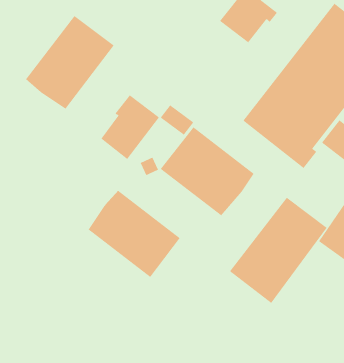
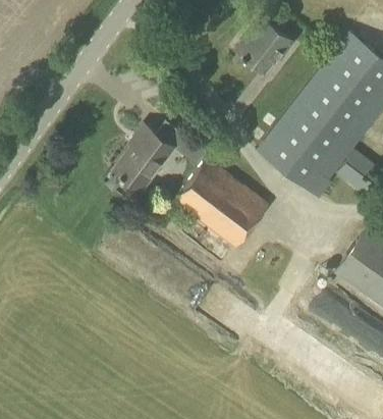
building: [25,15,114,109] -> none
building: [88,190,181,278] -> none
building: [229,197,327,304] -> none

